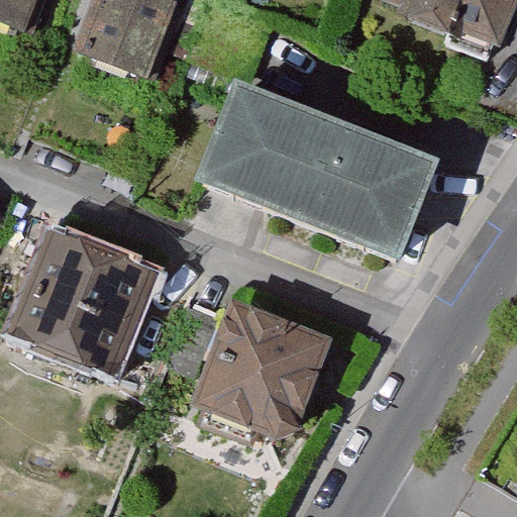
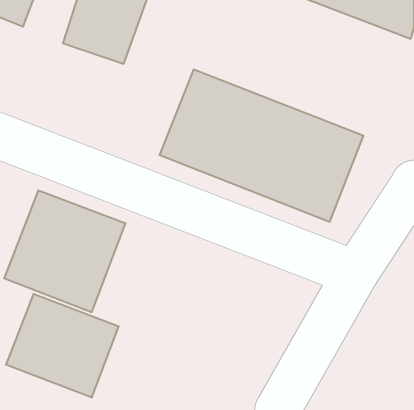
building: [189,301,334,448] -> none
building: none -> [6,294,119,398]

